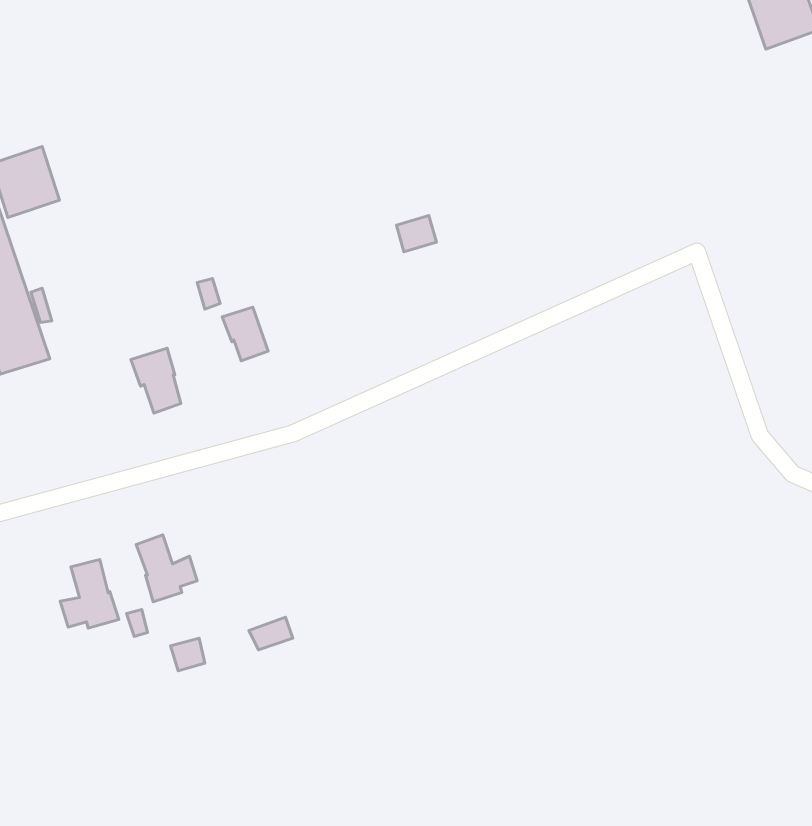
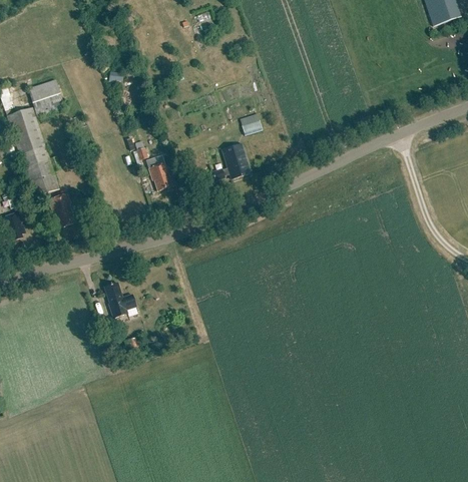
building: none -> [212,142,251,179]
building: [131,348,181,413] -> [48,193,74,227]
building: [60,559,119,628] -> none

